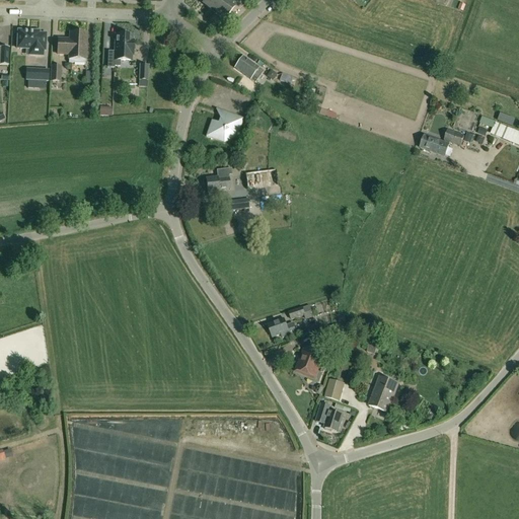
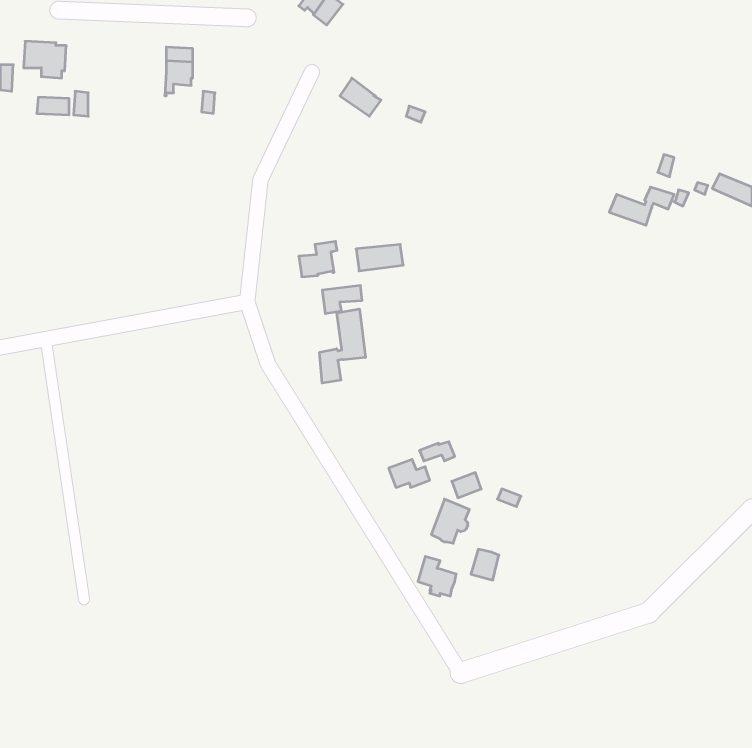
building: [57,30,86,62] -> none
building: [206,110,243,139] -> none
building: none -> [320,309,365,383]
building: [369,375,398,411] -> none
building: [316,401,343,429] -> [418,556,456,596]

